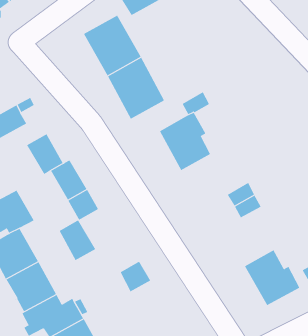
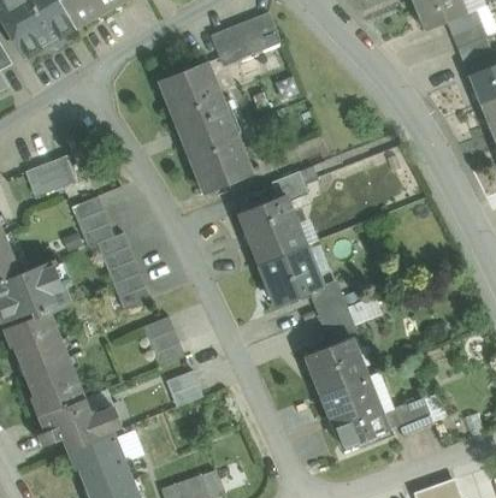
building: none -> [259,249,314,304]
building: [59,220,96,261] -> [142,315,185,366]
building: none -> [306,338,361,393]

